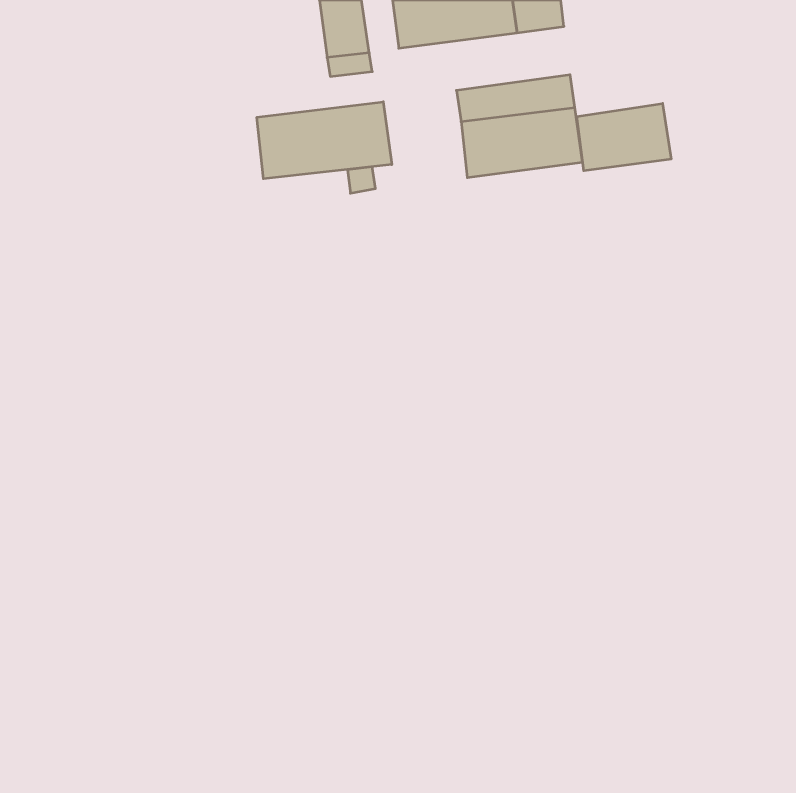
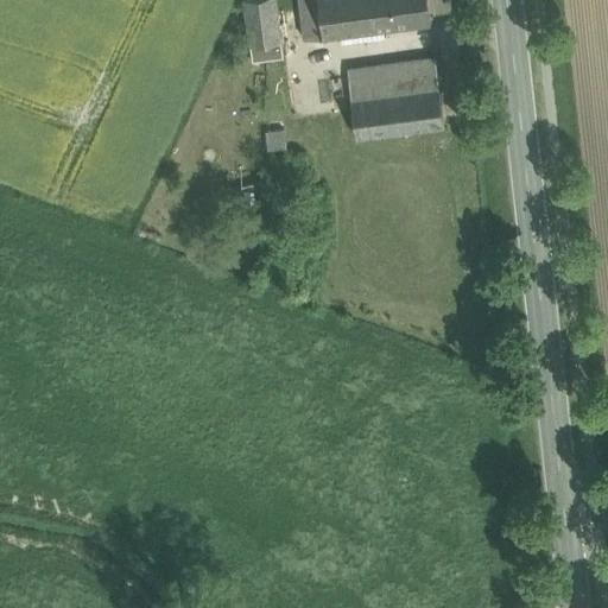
building: [257,102,392,179] -> none
building: [577,103,671,171] -> none

